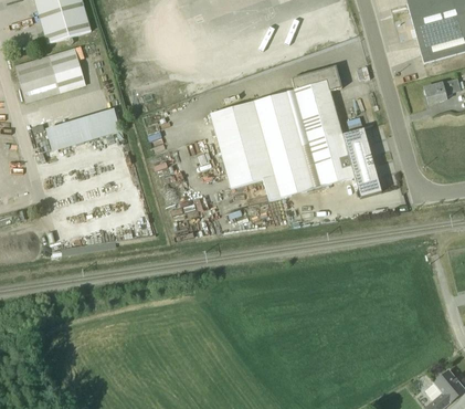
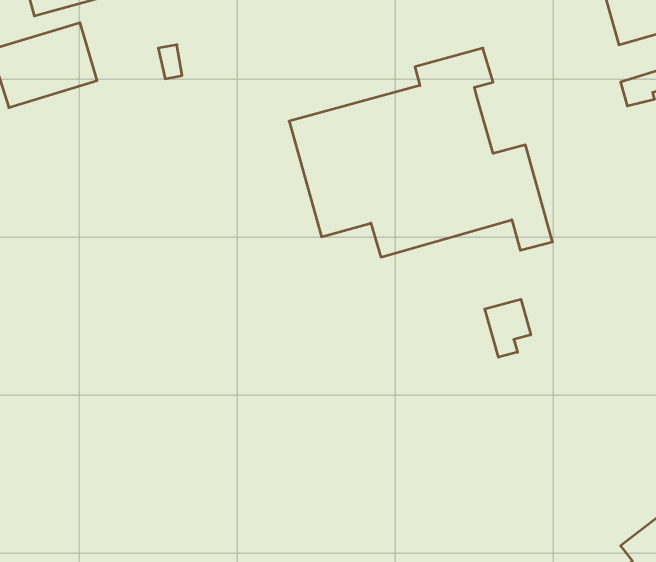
building: [45,107,119,149] -> none
building: none -> [485,299,531,357]

